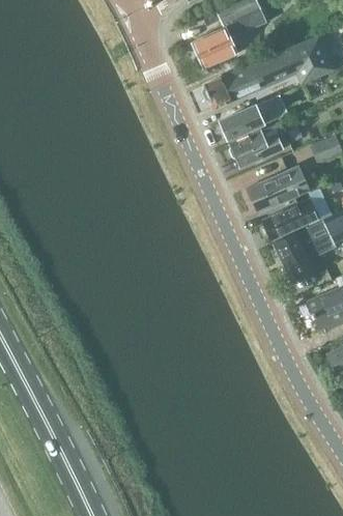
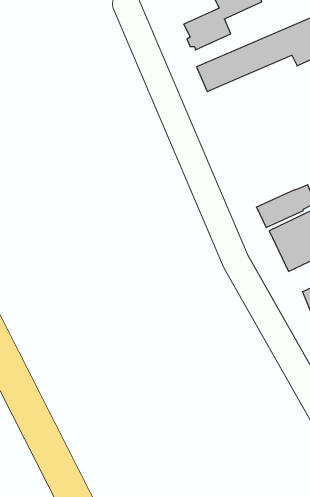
building: [221,95,288,140] -> none
building: [230,121,291,167] -> none
building: [248,166,309,212] -> none

